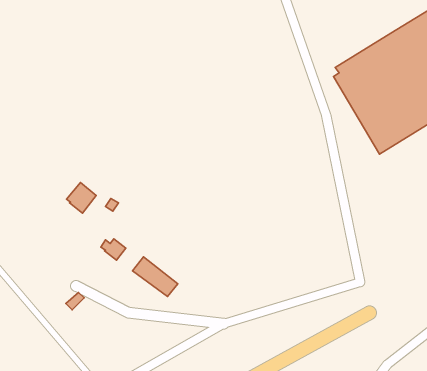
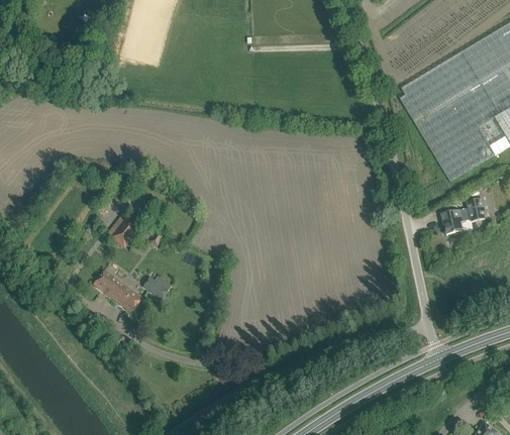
building: none -> [442,205,483,234]
building: [132,257,178,297] -> [94,268,143,312]

